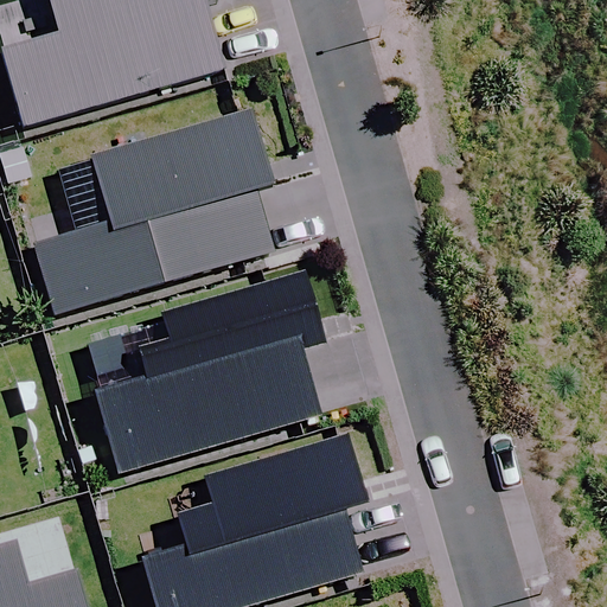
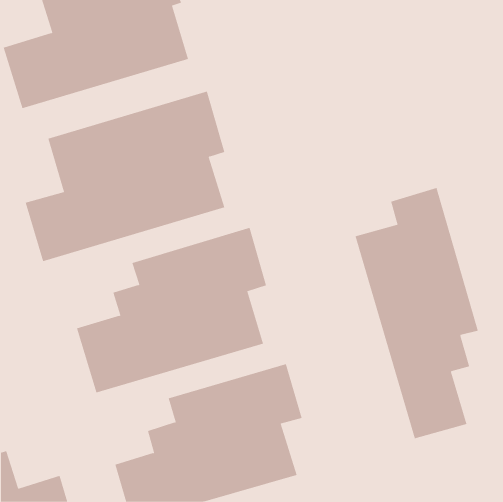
building: none -> [355,187,479,439]

